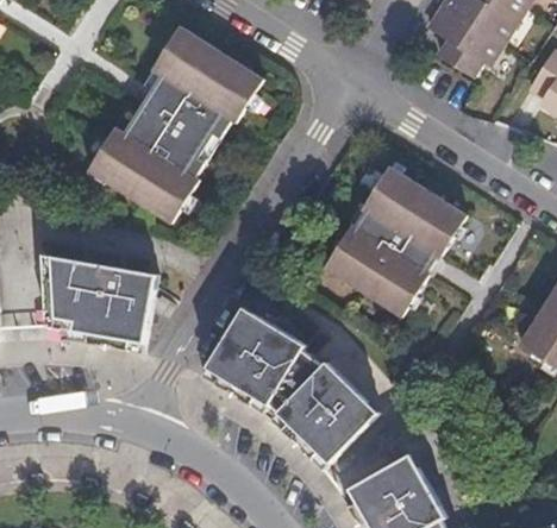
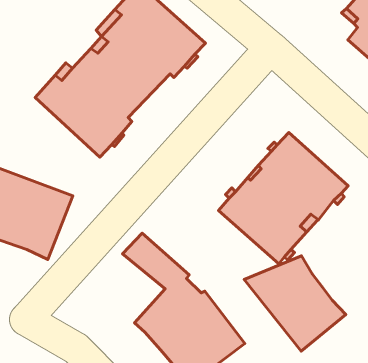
building: none -> [244,256,346,351]
building: [199,332,280,406] -> none

